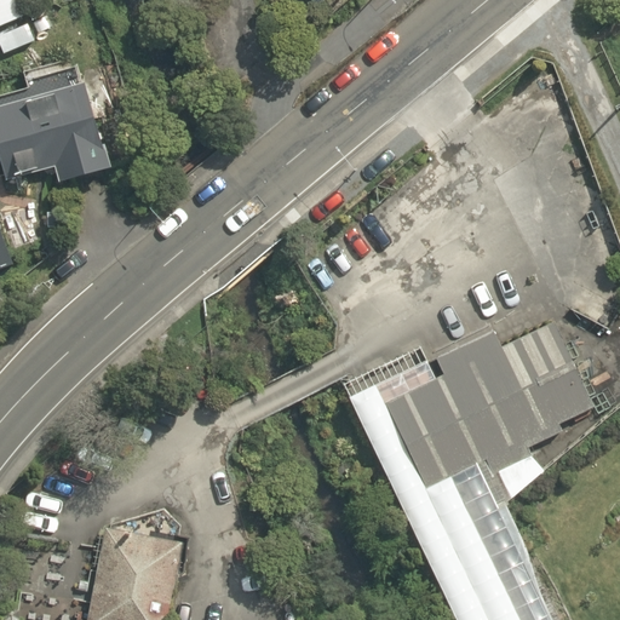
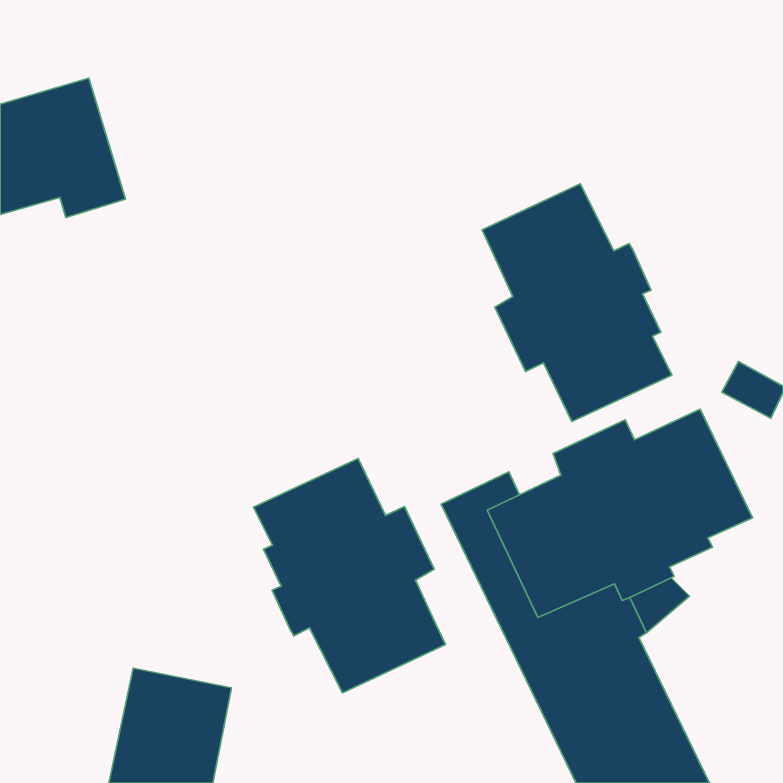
building: none -> [482,184,672,422]
building: none -> [254,458,445,693]

